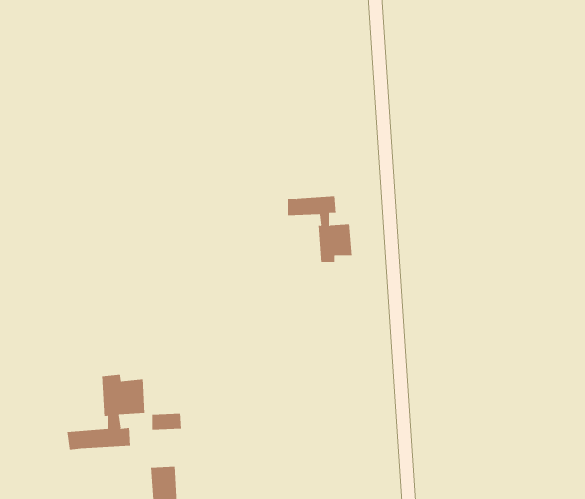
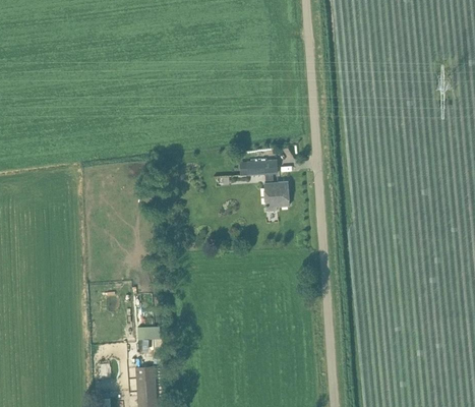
building: [67,374,145,450] -> none

